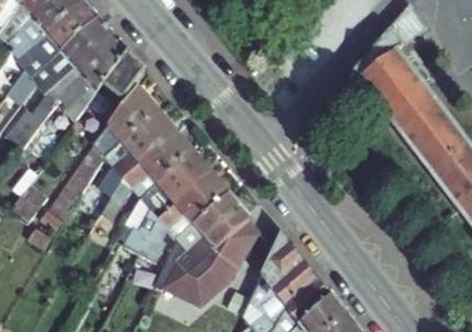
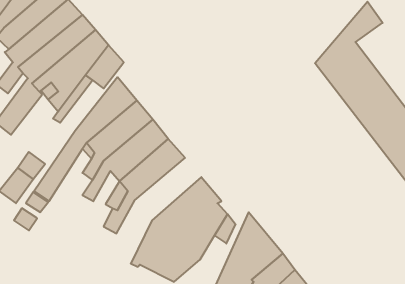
building: [138,172,229,262] -> none

